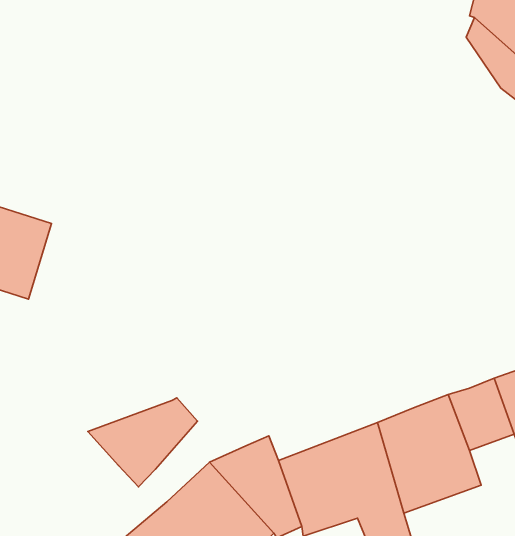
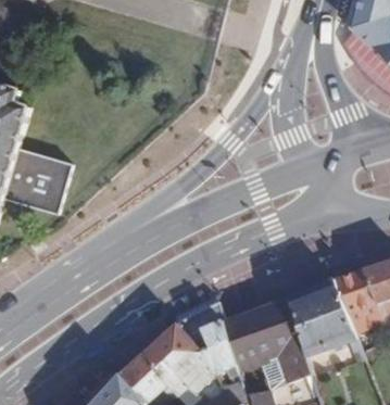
building: [88,398,198,487] -> none

